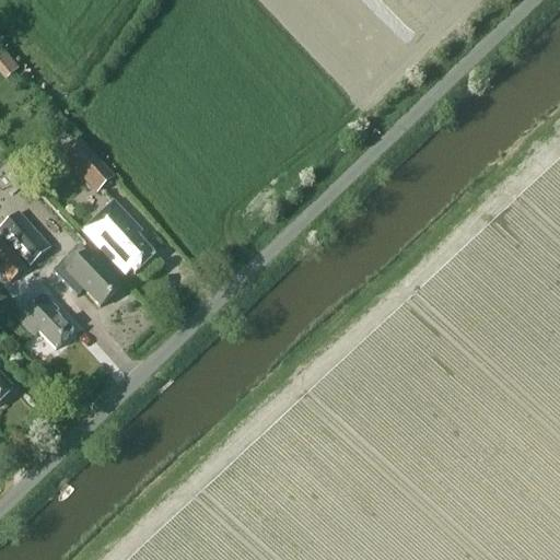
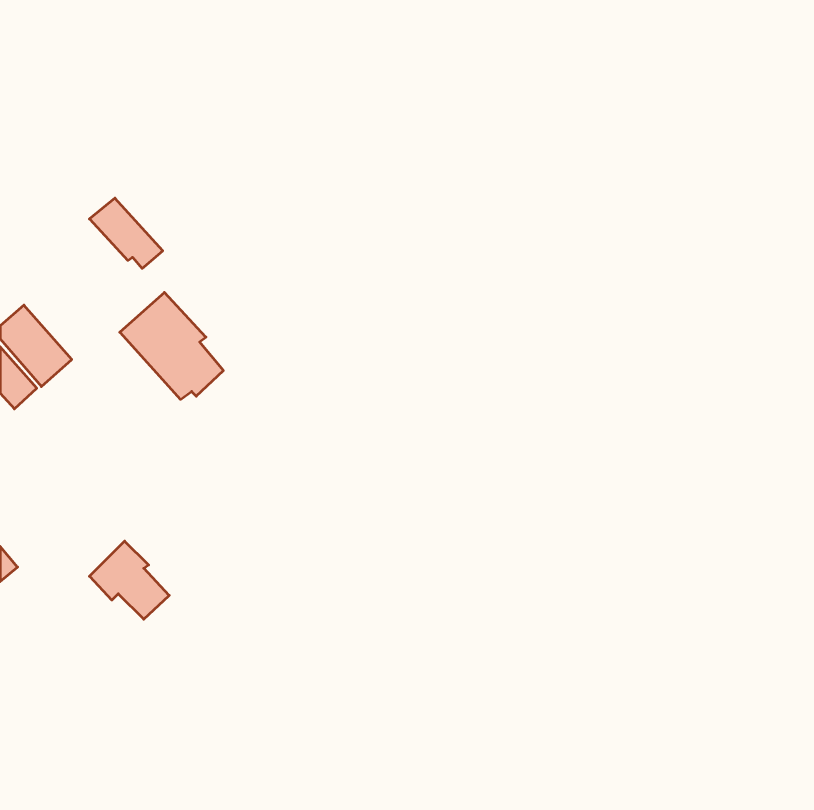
building: [58,243,120,304] -> none
building: [19,293,73,347] -> [89,541,169,619]

